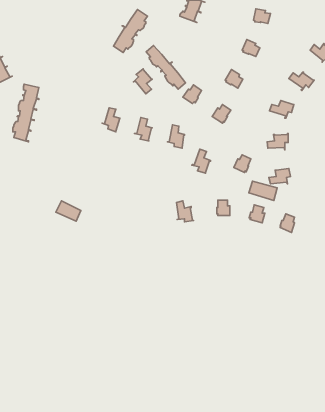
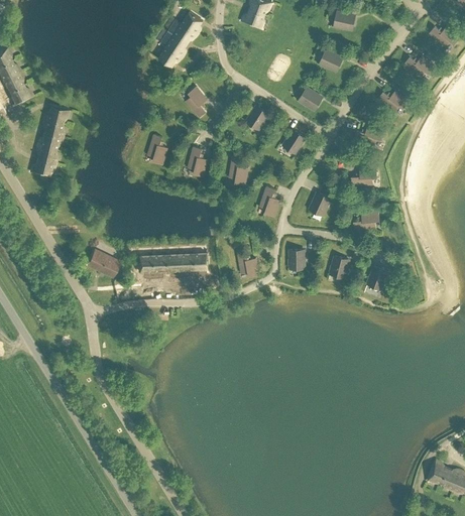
building: [146,45,186,89] -> none
building: [249,181,277,201] -> none
building: none -> [138,249,208,274]

